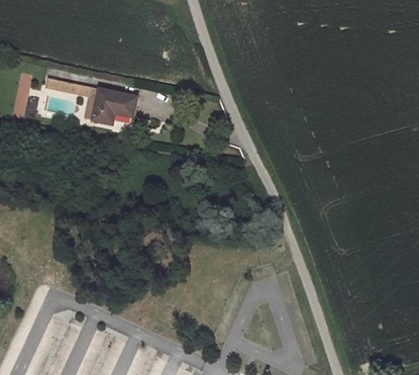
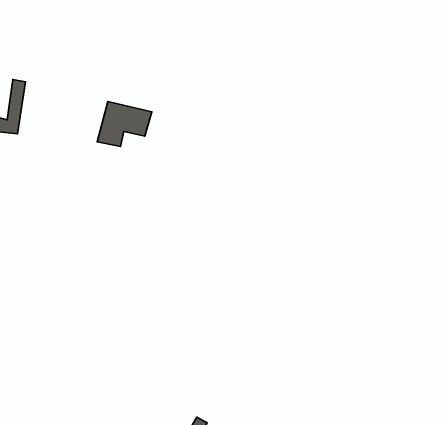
building: [50,79,104,126] -> none

